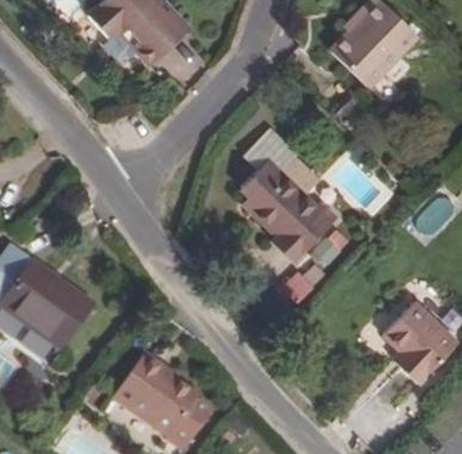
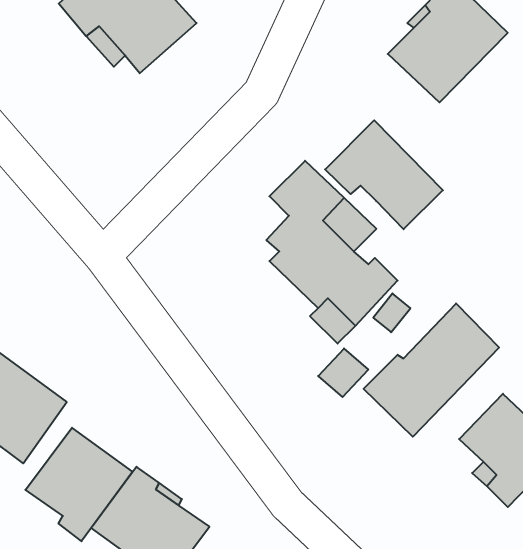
building: none -> [325,120,443,229]
building: none -> [364,303,499,437]
building: none -> [25,428,133,541]

